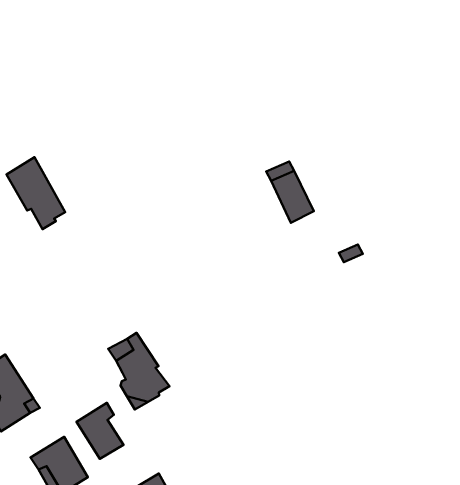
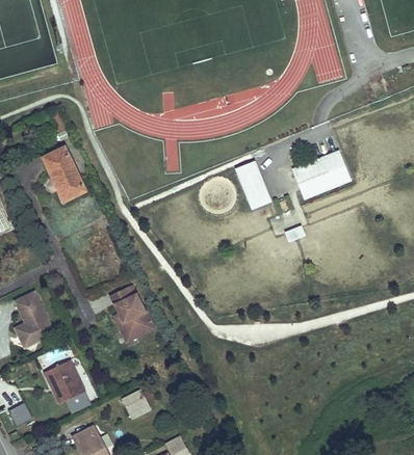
building: none -> [294,154,347,196]
building: [76,403,123,459] -> none

